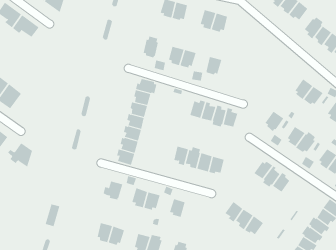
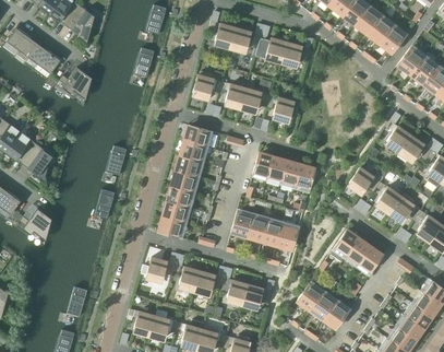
building: none -> [60,67,92,99]
building: none -> [24,145,51,180]
building: none -> [242,284,273,307]

